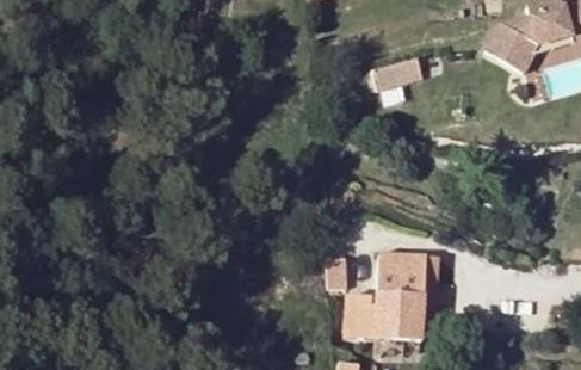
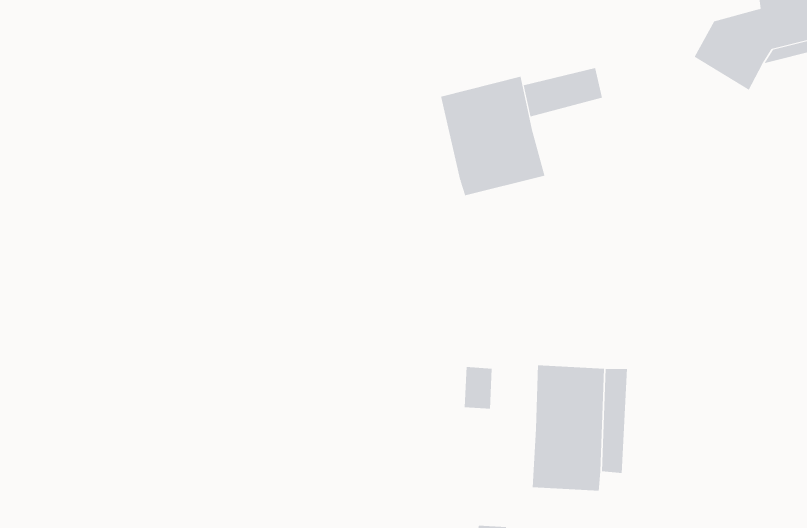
building: none -> [440,76,545,196]
building: [345,295,377,337] -> none

